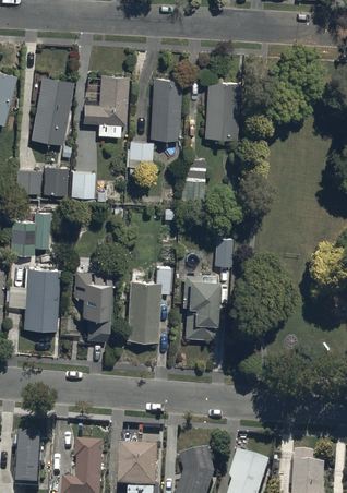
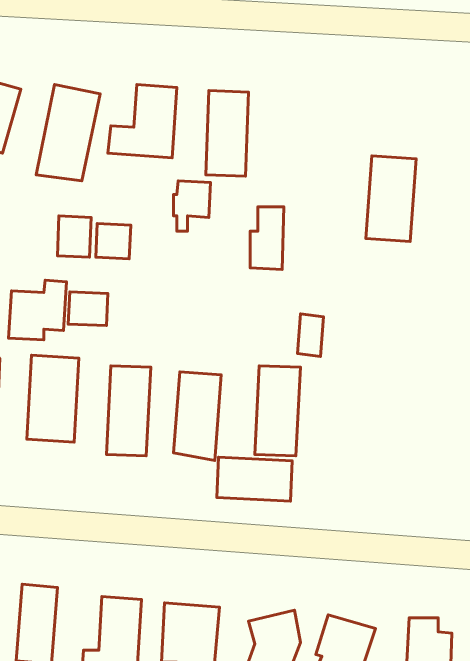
building: [204,79,240,140] -> [366,156,416,241]
building: [13,170,41,194] -> [68,292,108,326]
building: none -> [217,457,292,501]

